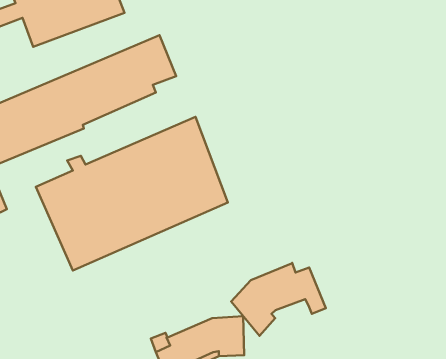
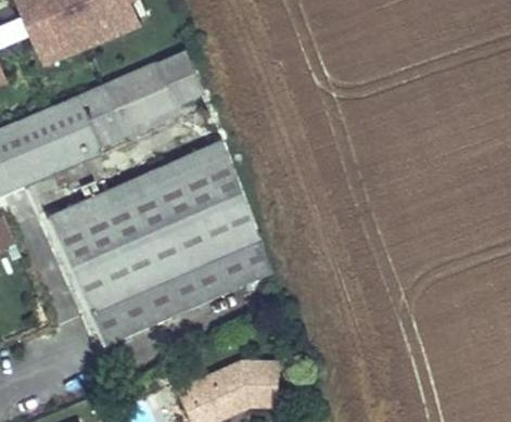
building: none -> [86,236,271,346]
building: [231,263,326,336] -> none

